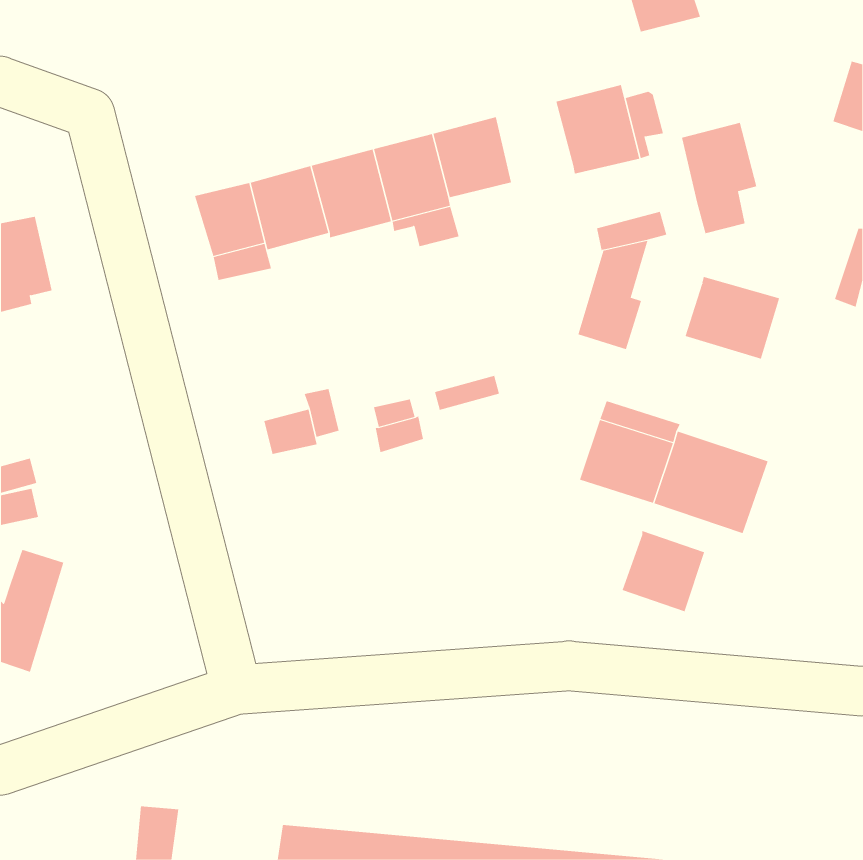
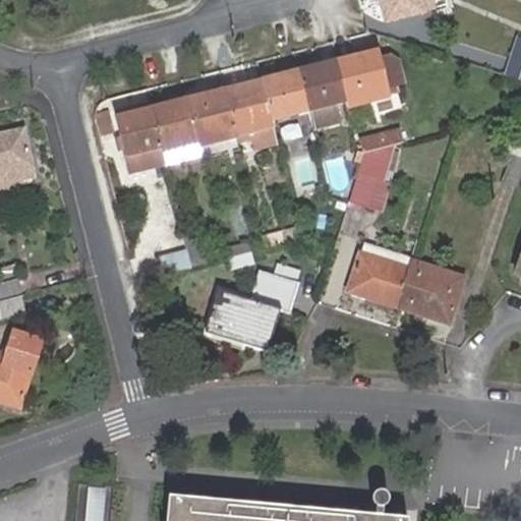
building: [681,122,757,234] -> [299,61,345,128]
building: [685,276,780,360] -> none
building: none -> [210,265,297,346]
building: [622,530,705,612] -> none

